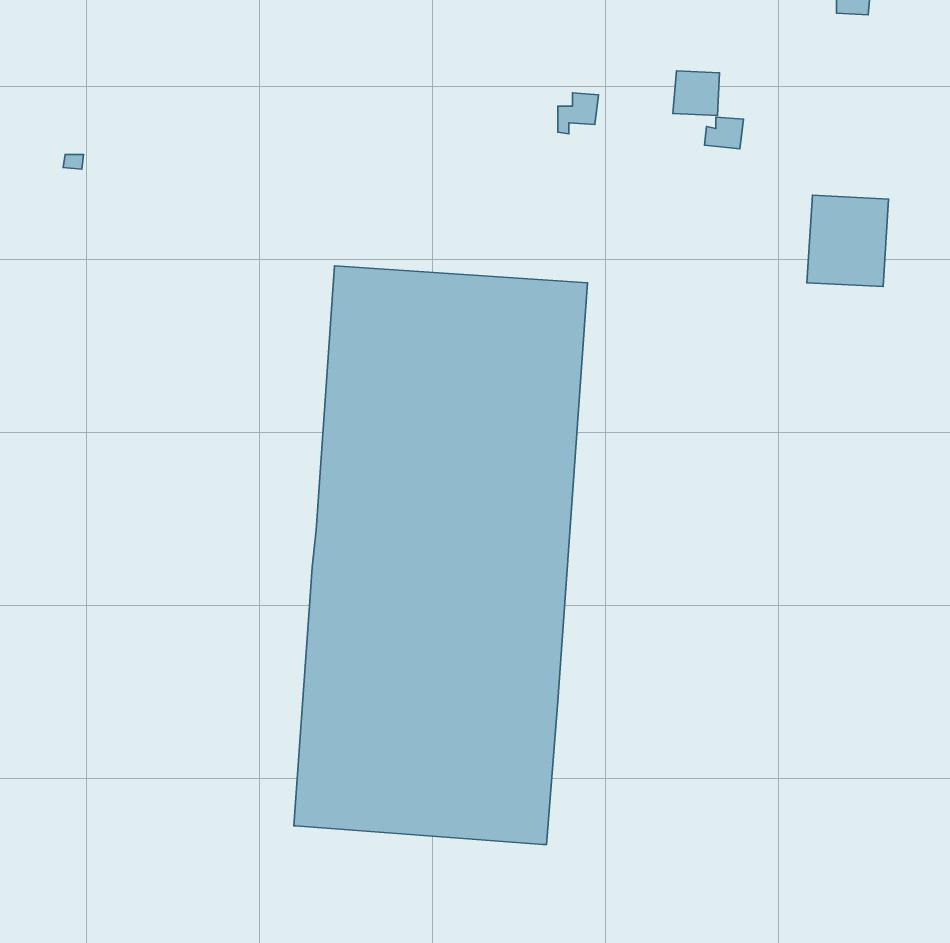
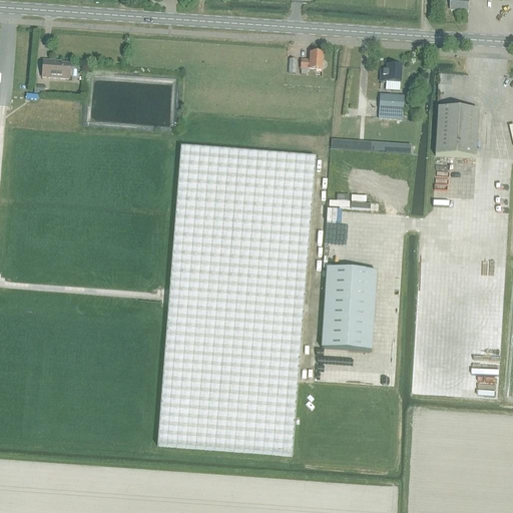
building: [673,71,719,115] -> [378,92,403,116]
building: none -> [42,58,70,76]
building: none -> [321,266,377,350]

